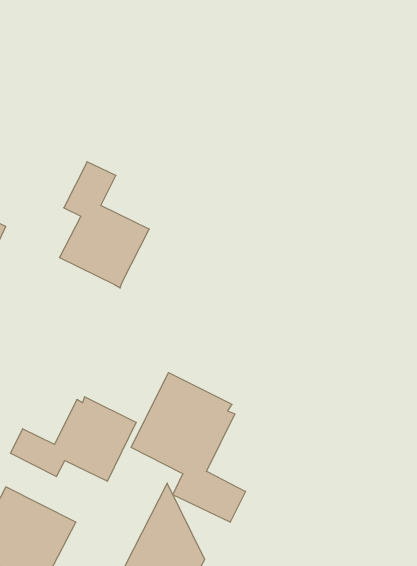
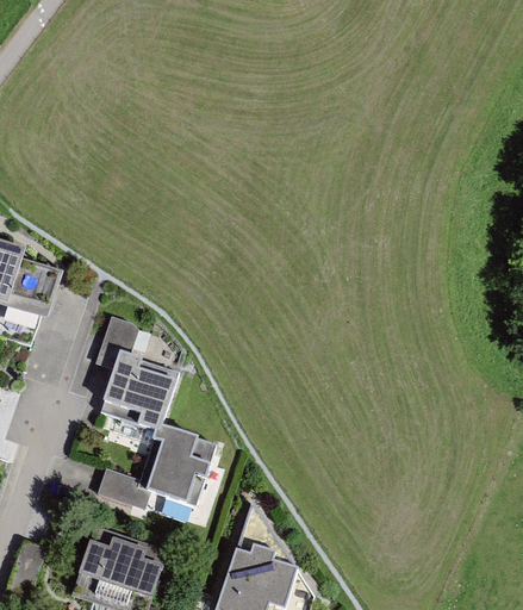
building: [59,162,149,288] -> [94,317,180,435]
building: [131,373,246,522] -> none

